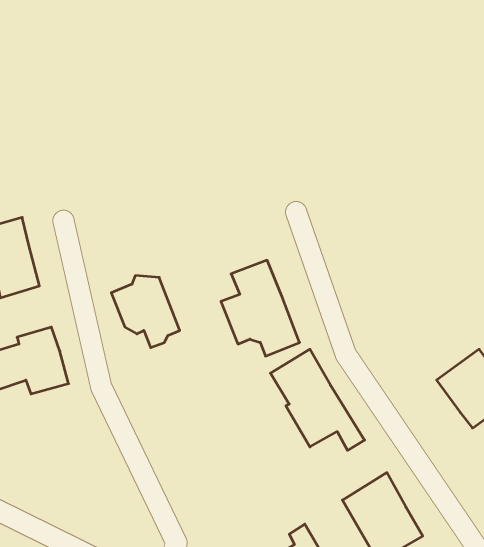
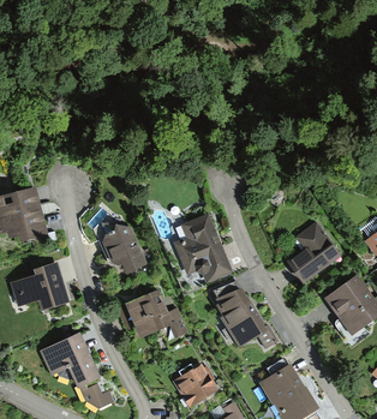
building: none -> [287,221,340,281]
building: none -> [125,288,188,339]
building: none -> [40,331,115,408]
building: none -> [173,364,216,406]

